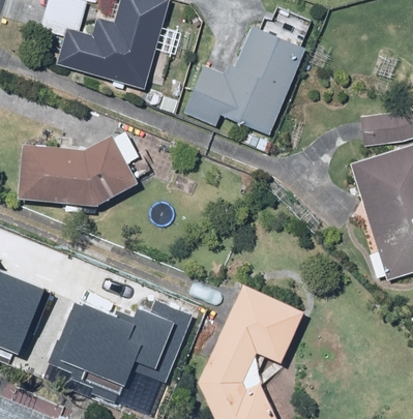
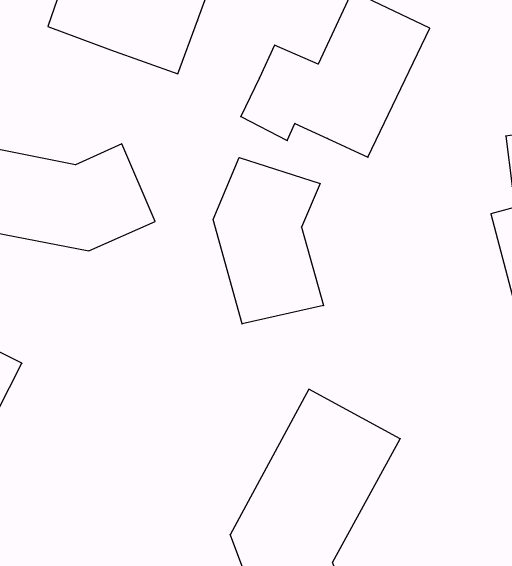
building: none -> [213,158,324,324]
building: [57,292,198,396] -> none

